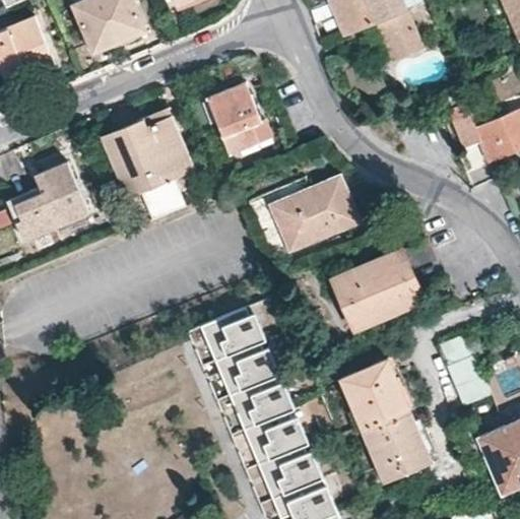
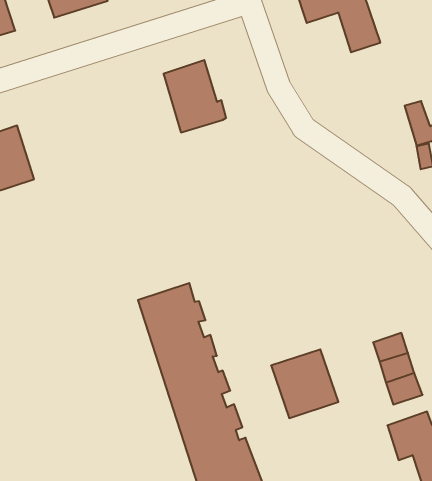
building: [100,110,192,202] -> none
building: [268,176,359,251] -> none
building: [329,249,421,330] -> none
building: [361,410,432,483] -> none

